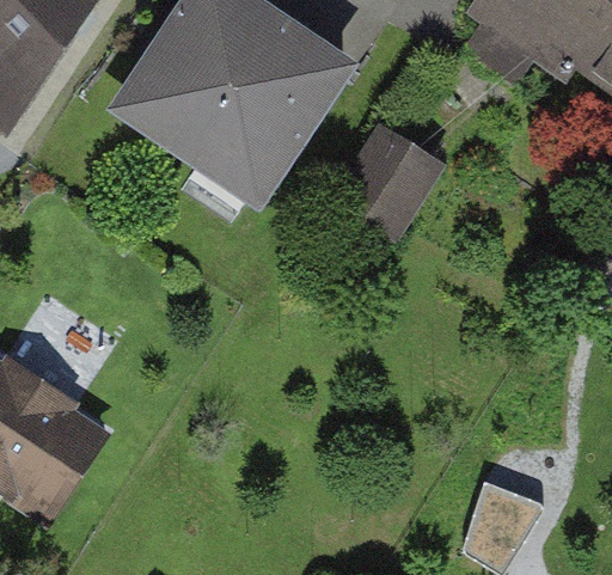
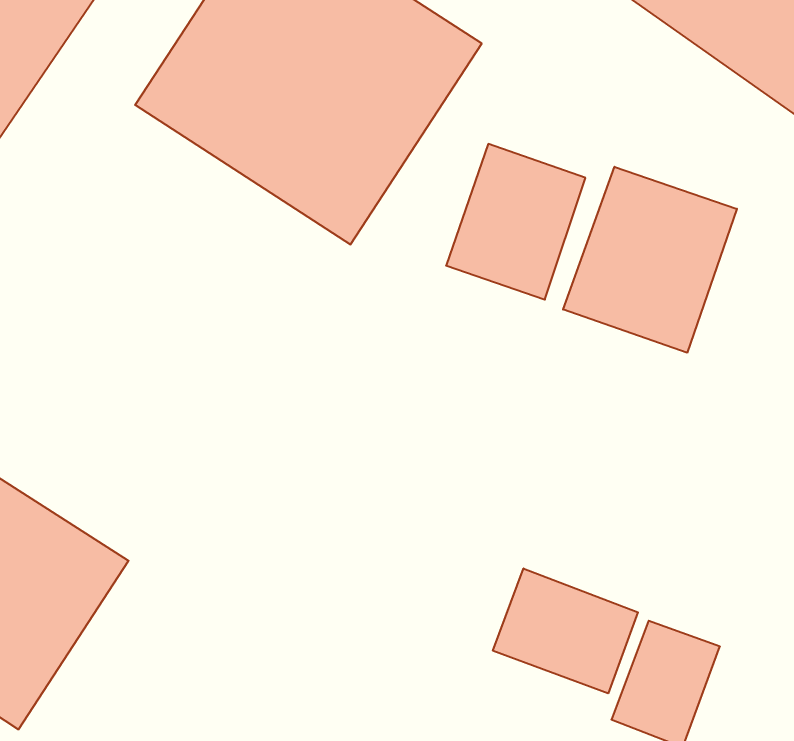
building: none -> [563,167,737,353]
building: none -> [493,568,638,693]

